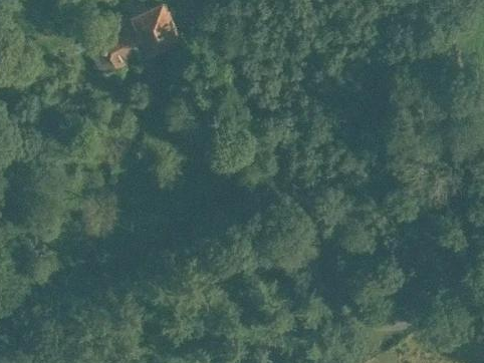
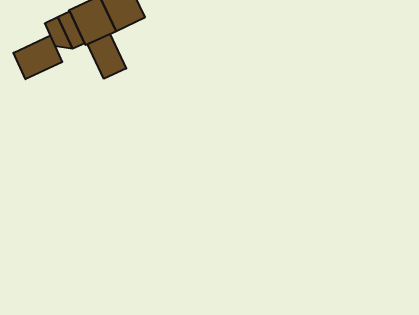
building: none -> [88,34,126,79]
building: none -> [13,35,62,79]

